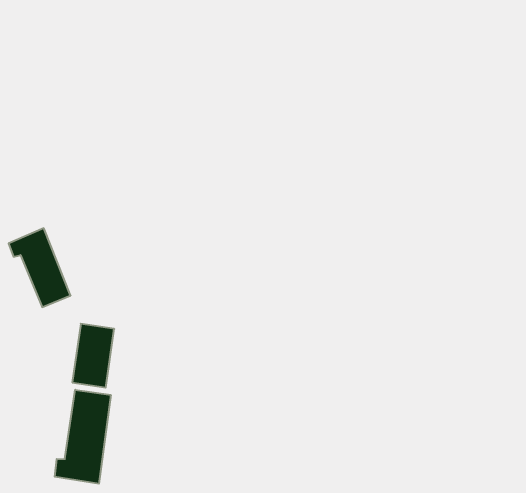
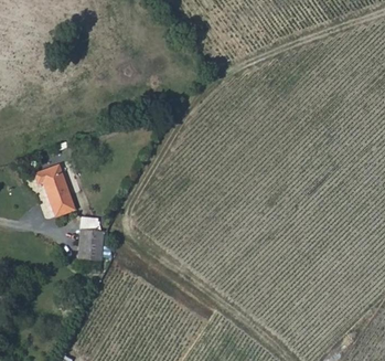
building: [55,390,111,484] -> none

